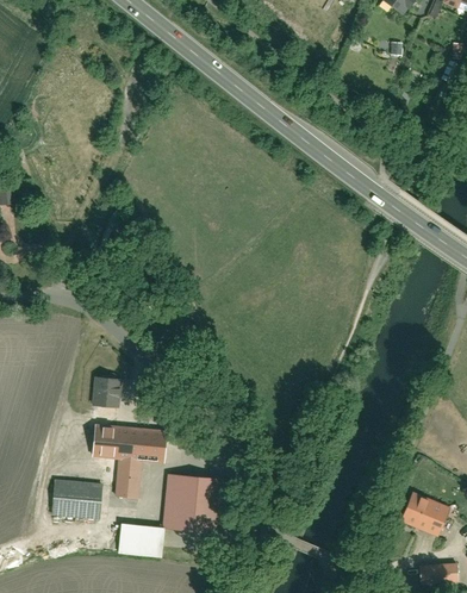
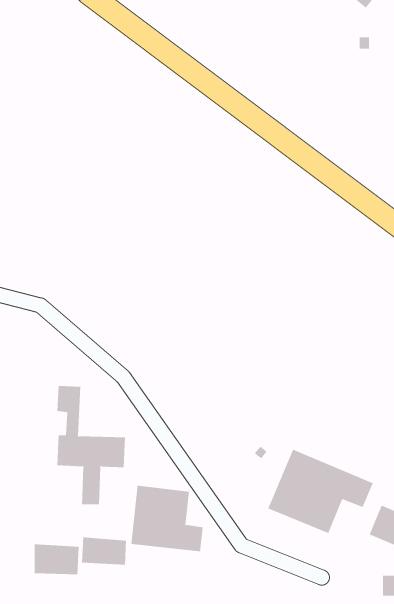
building: none -> [267,449,373,534]
building: [56,481,100,511] -> [34,544,79,575]

